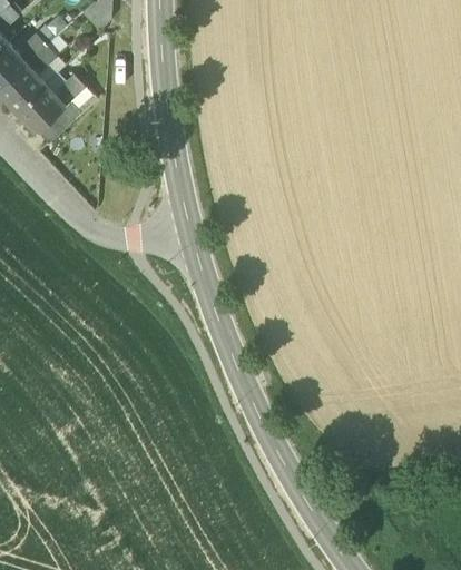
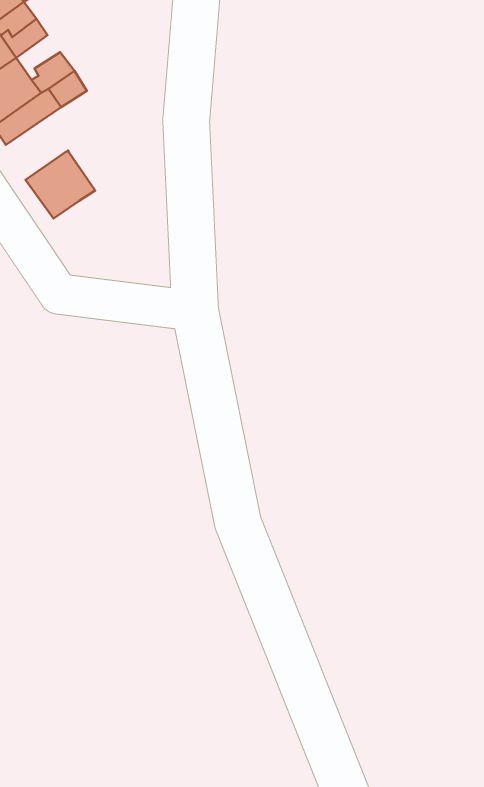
building: none -> [25,150,95,218]

